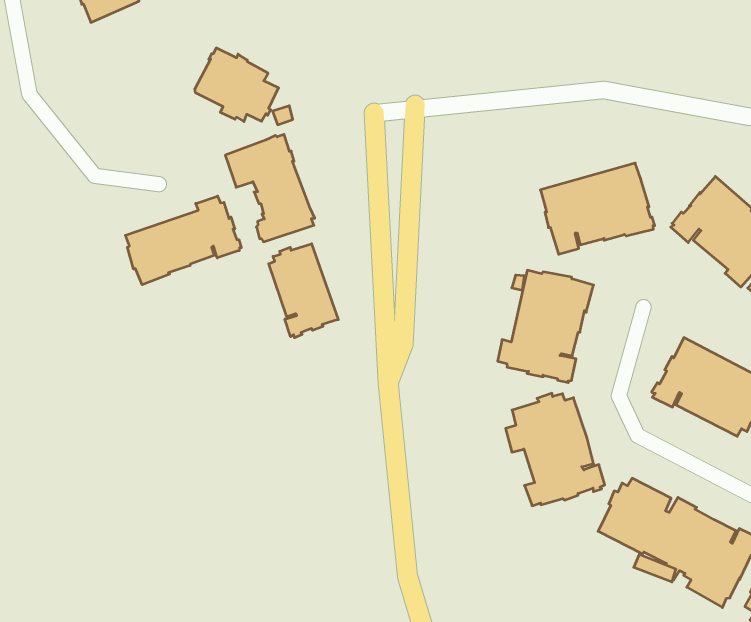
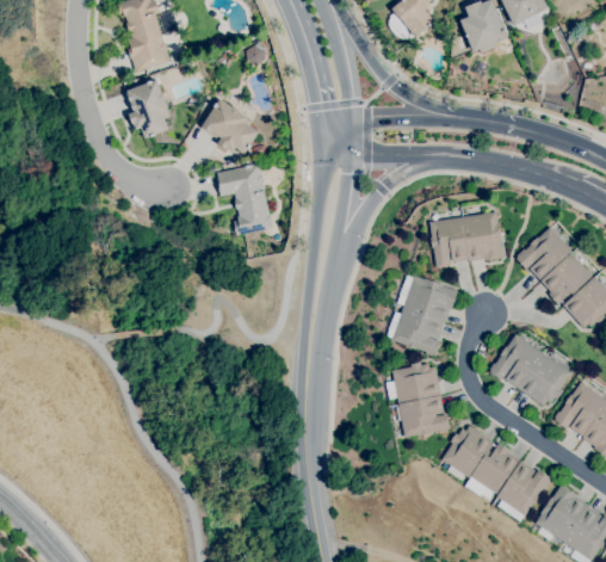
building: none -> [125,79,172,138]
building: [125,196,241,285] -> none
building: [269,244,338,338] -> none

